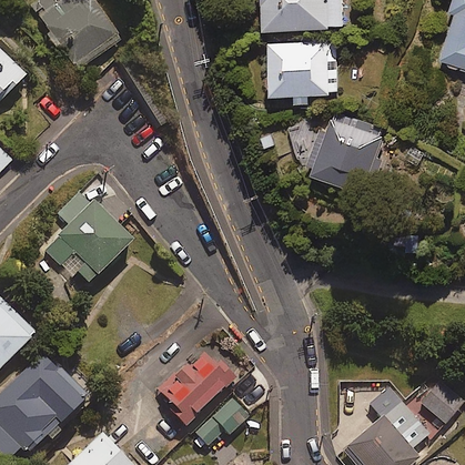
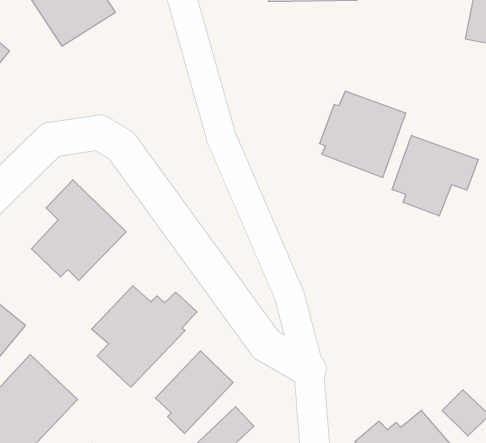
building: [269,37,338,99] -> none
building: none -> [392,135,478,216]
building: none -> [92,286,197,387]

